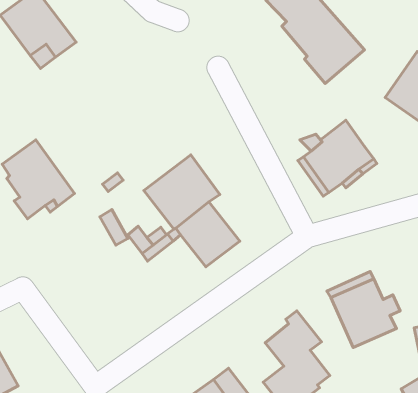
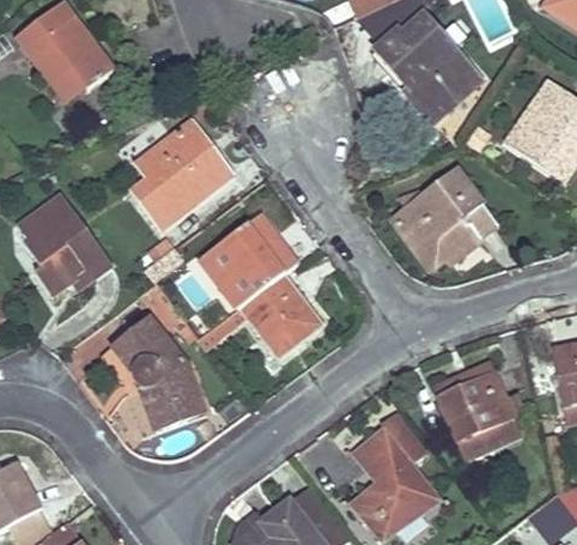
building: none -> [133,122,229,229]
building: none -> [111,315,206,432]

